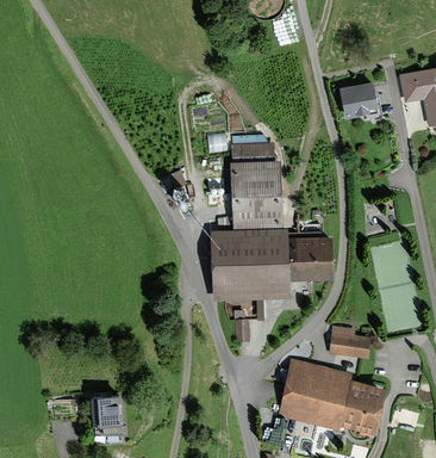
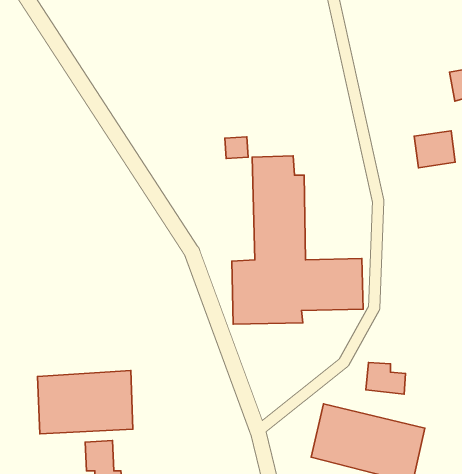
building: [342,88,378,120] -> [414,131,455,168]
building: none -> [38,370,133,434]

